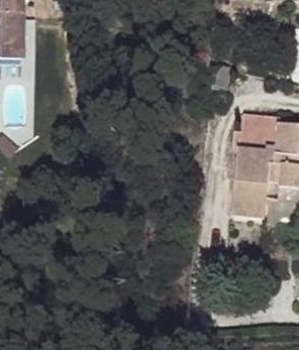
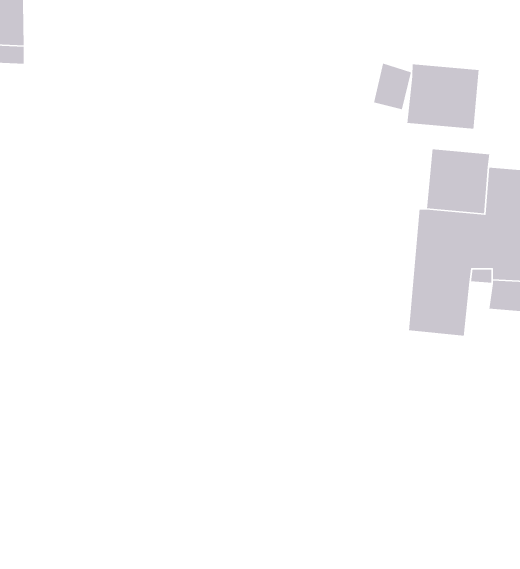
building: none -> [406,63,480,130]

